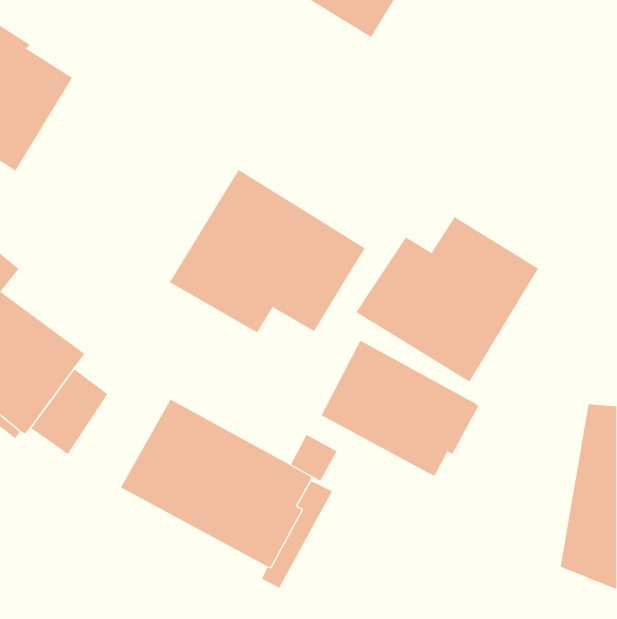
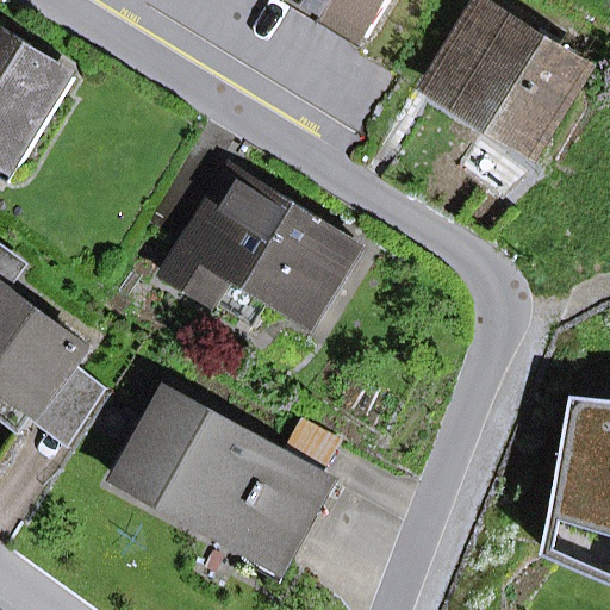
building: none -> [434,7,584,147]
building: [356,216,539,382] -> none
building: [321,340,479,476] -> none

